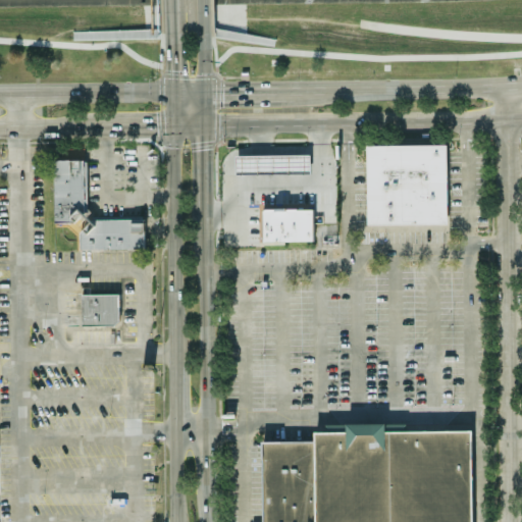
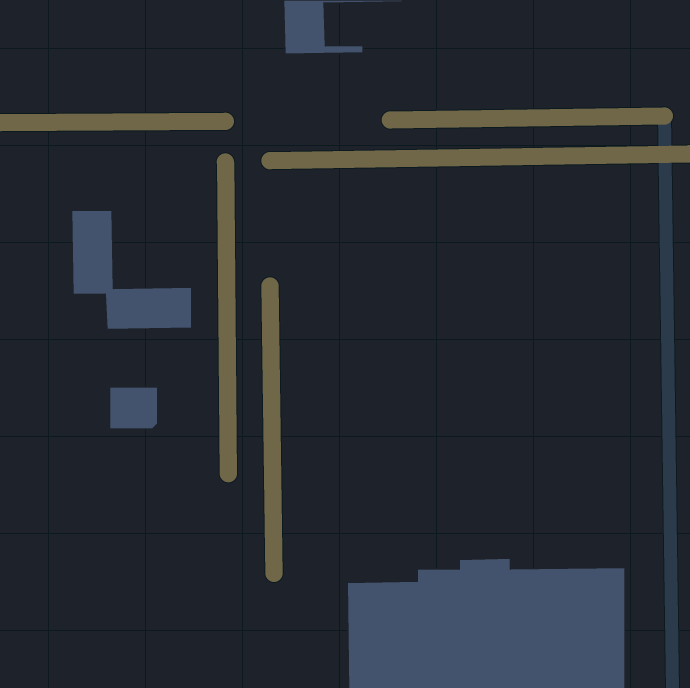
building: [367,145,449,225] -> none
building: [237,155,312,172] -> none
building: [262,207,313,241] -> none

